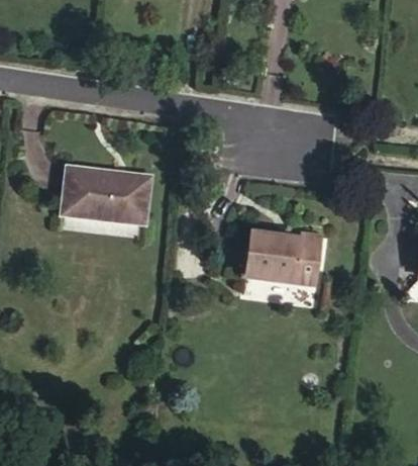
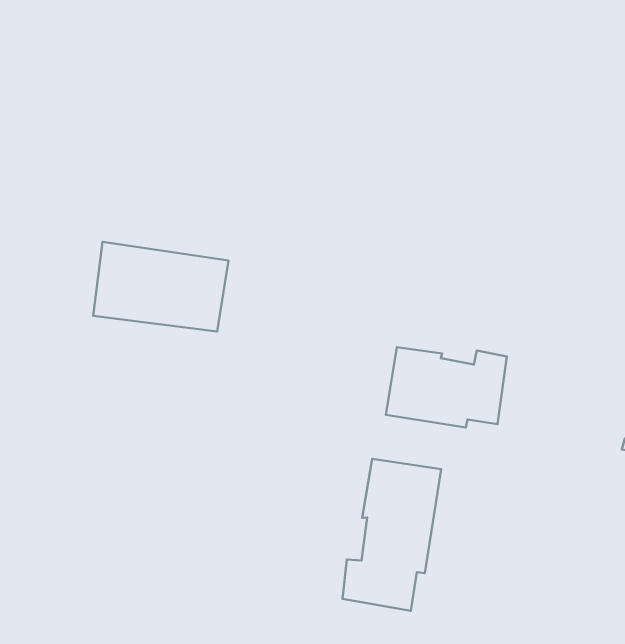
building: none -> [342,459,441,611]

